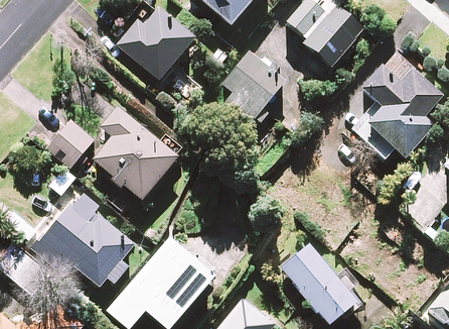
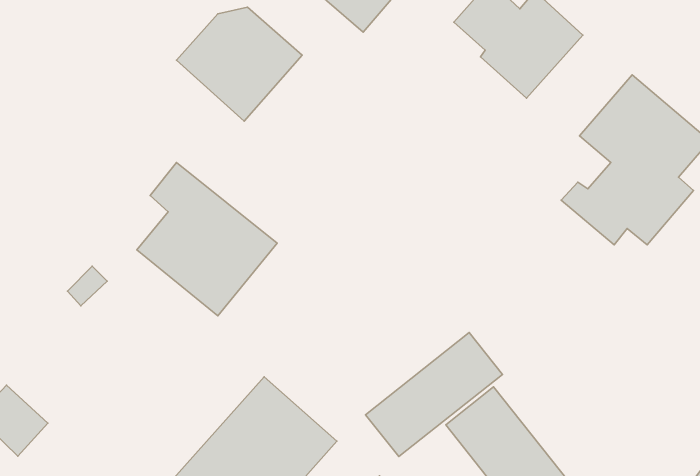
building: [221,51,284,123] -> none
building: [48,119,93,163] -> none
building: [42,198,133,287] -> none
building: none -> [366,333,502,457]

